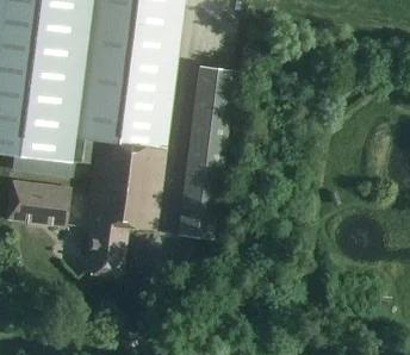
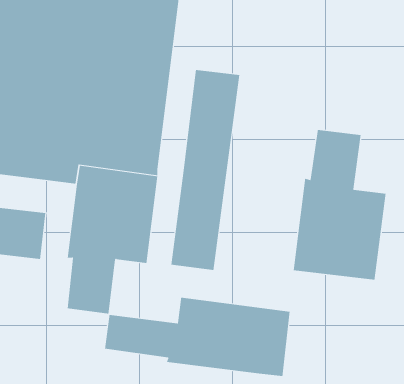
building: none -> [293,129,386,281]
building: none -> [105,297,290,377]

